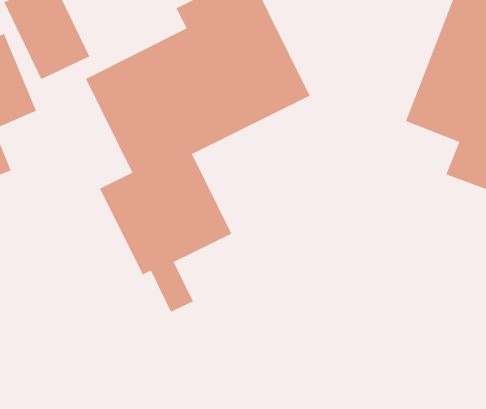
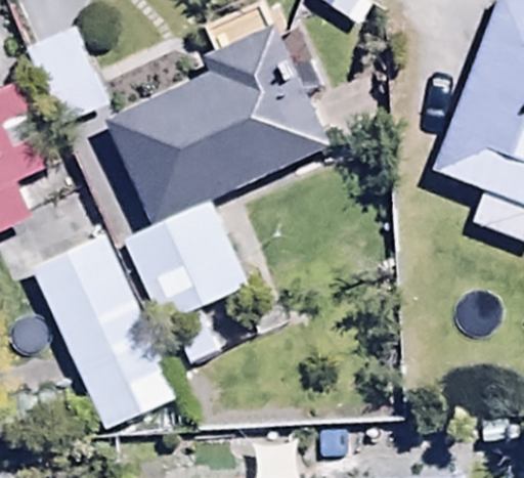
building: none -> [32,235,177,426]

